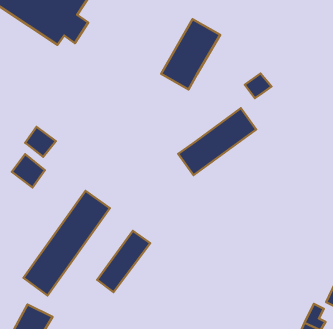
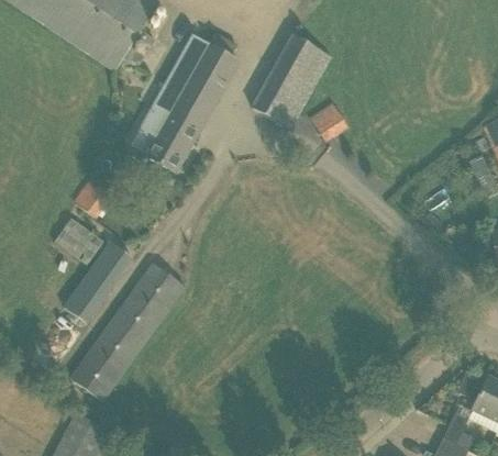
building: none -> [129,32,236,173]
building: [245,73,271,98] -> [310,107,345,140]
building: [178,108,256,175] -> none
building: [97,231,150,292] -> [63,238,133,320]

